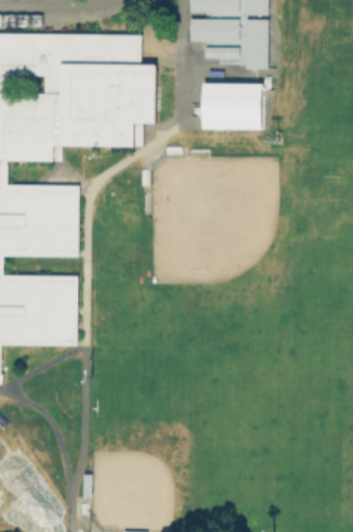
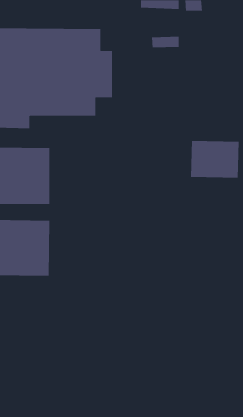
building: [190,18,240,42] -> none
building: [245,18,268,69] -> none
building: [201,82,263,129] -> [190,141,239,178]

